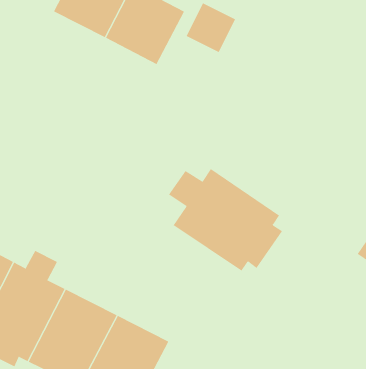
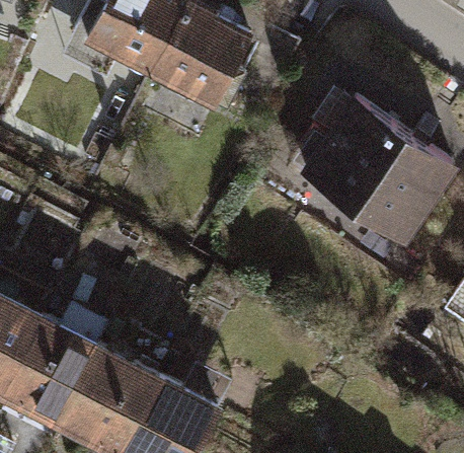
building: none -> [303,97,452,229]
building: [168,168,283,272] -> none

